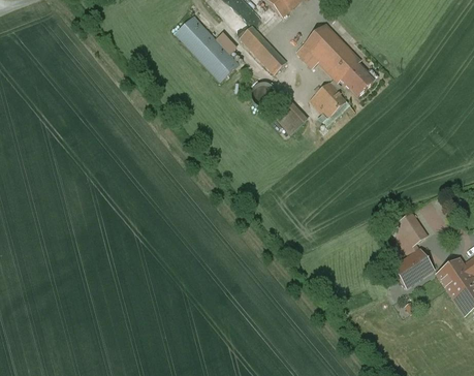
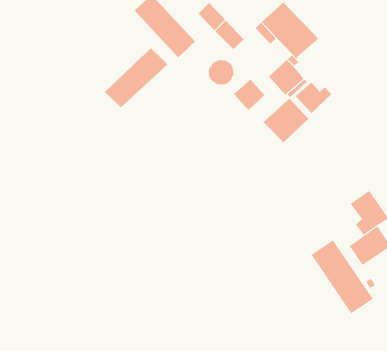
building: [341,64,378,96] -> [295,82,332,114]
building: none -> [104,48,168,109]
building: none -> [263,98,309,143]
building: none -> [311,239,374,314]

